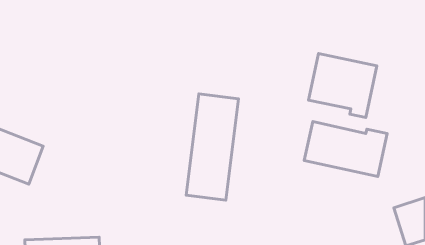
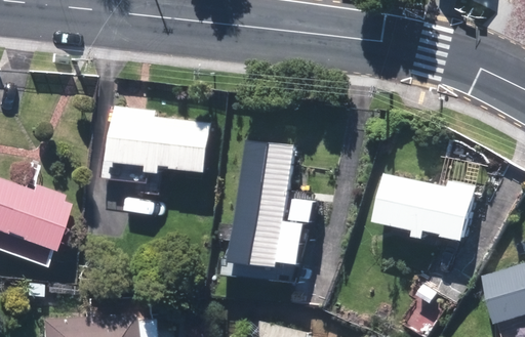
building: [309,54,377,118] -> none
building: none -> [109,109,210,173]

